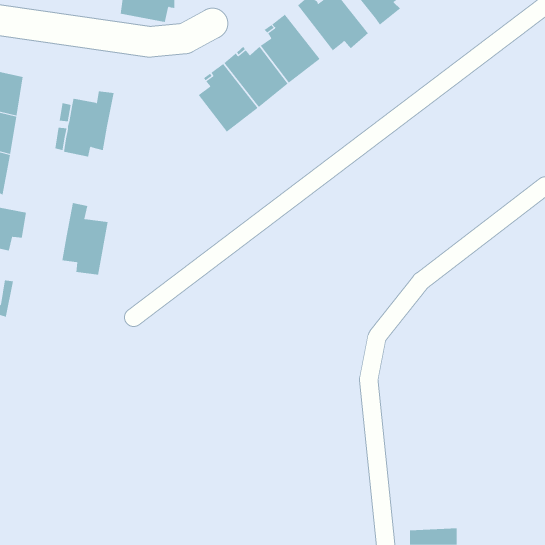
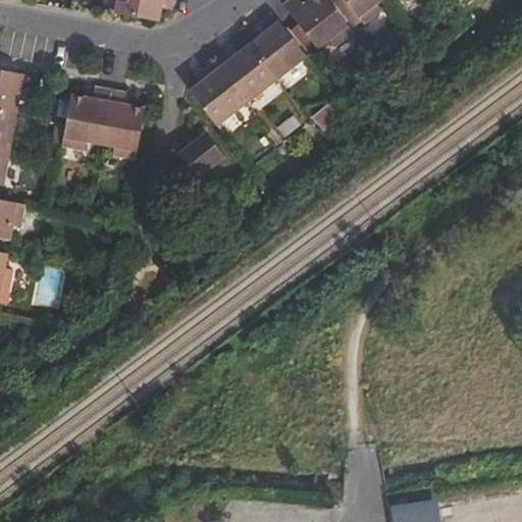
building: none -> [177,132,224,178]
building: [62,203,109,275] -> [99,89,144,158]

